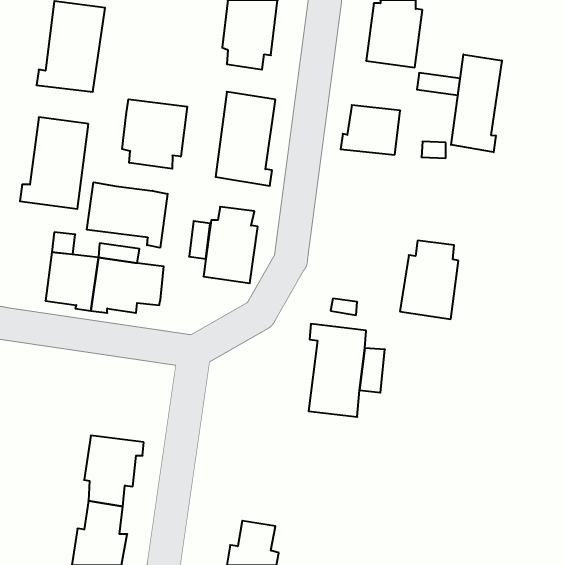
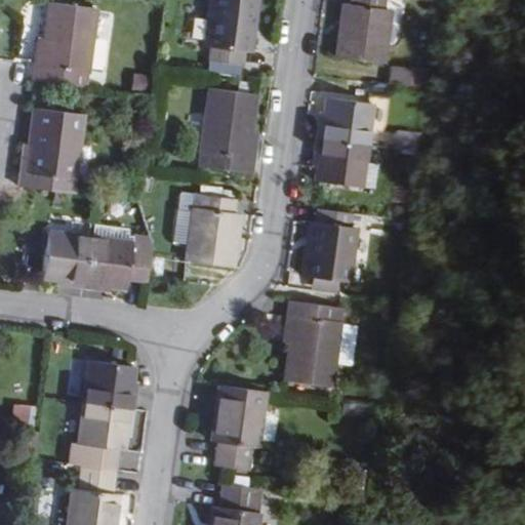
building: [451,54,502,152] -> none
building: [122,99,187,169] -> none
building: none -> [315,138,367,187]
building: [87,182,168,248] -> none
building: [400,241,458,319] -> [302,207,357,280]
building: none -> [85,359,136,410]
building: none -> [213,385,264,468]

